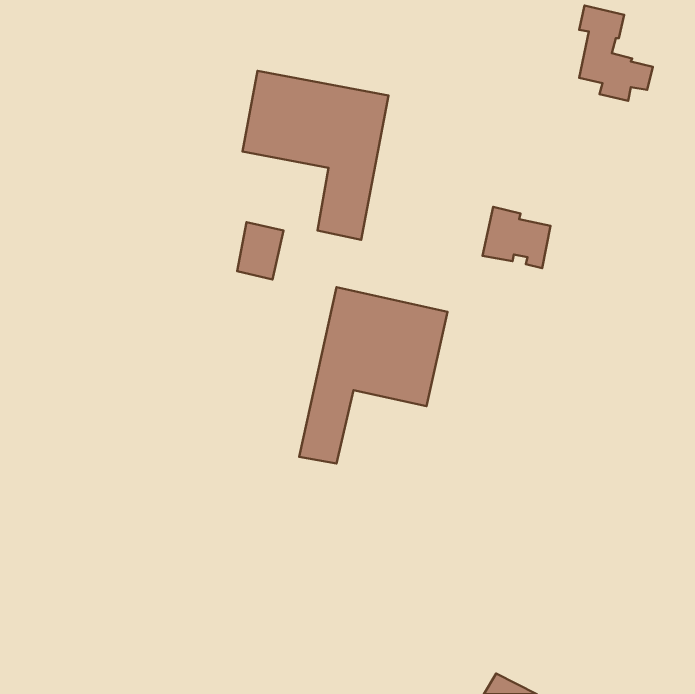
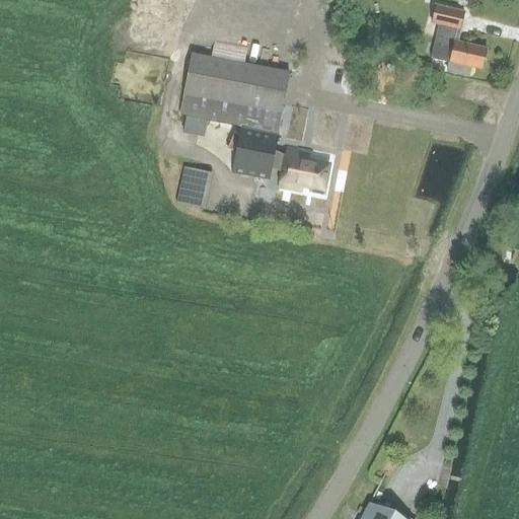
building: [482,207,551,268] -> [278,148,328,194]
building: [299,287,448,463] -> none

